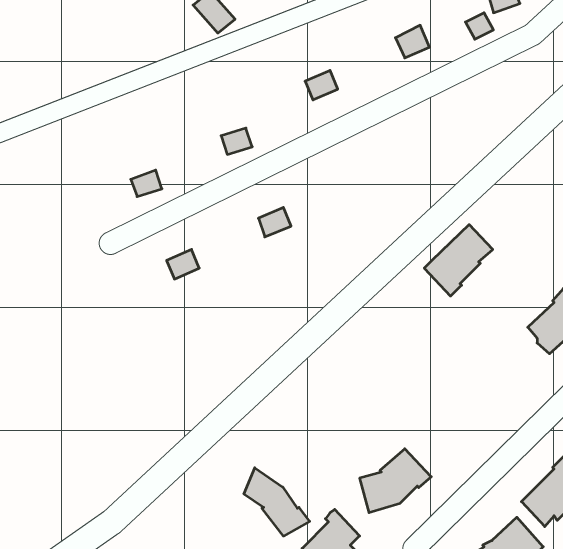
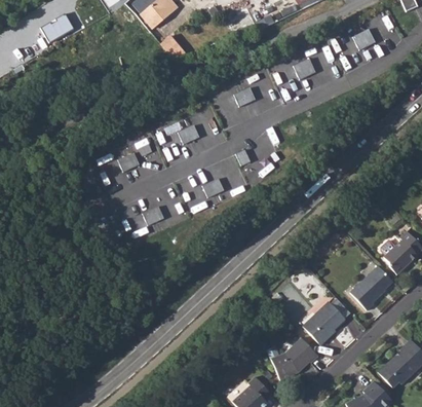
building: [424,225,493,296] -> [347,265,392,312]
building: none -> [302,302,345,345]
building: [244,468,310,536] -> none

